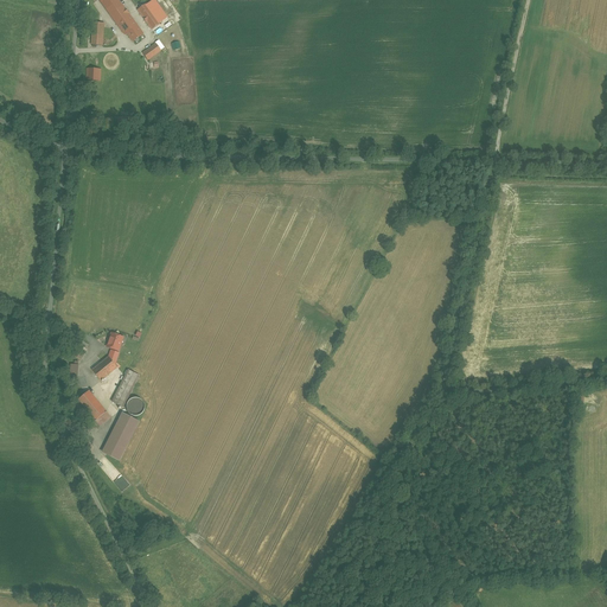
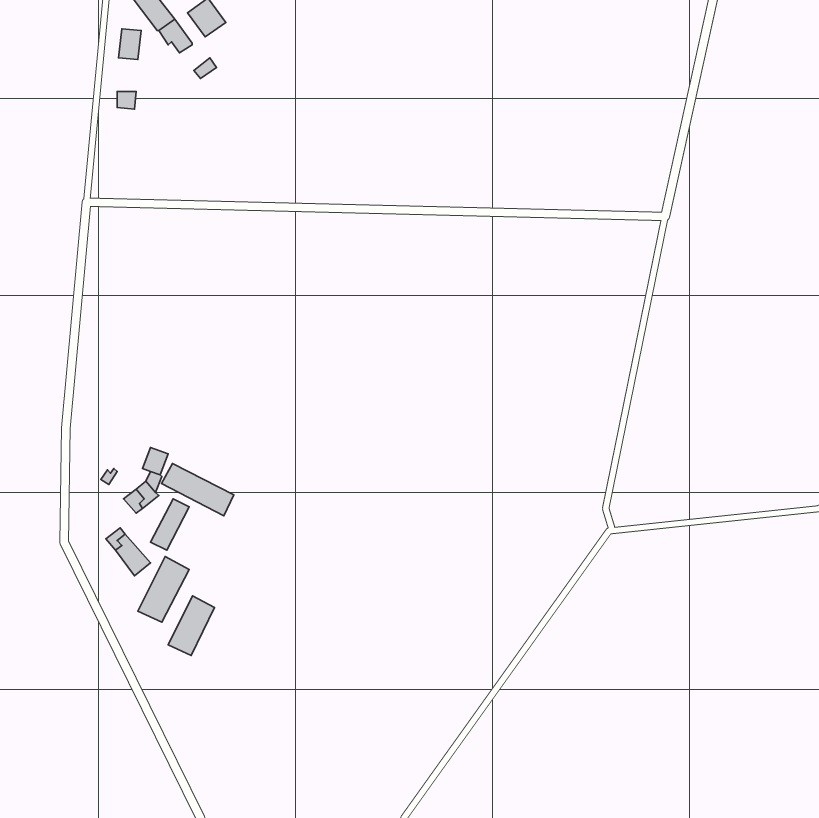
building: none -> [161,464,234,516]
building: none -> [168,596,214,656]

